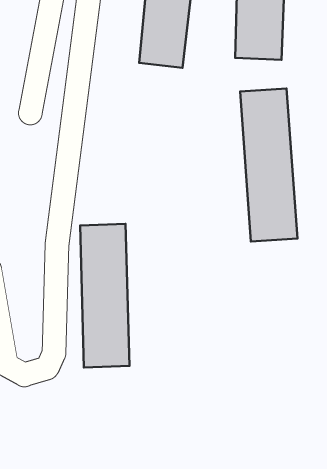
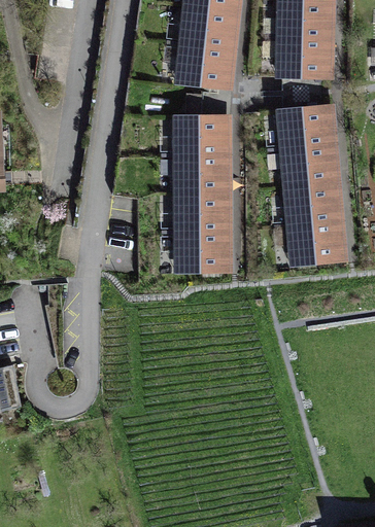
building: none -> [175,117,228,269]
building: [80,224,129,368] -> none

